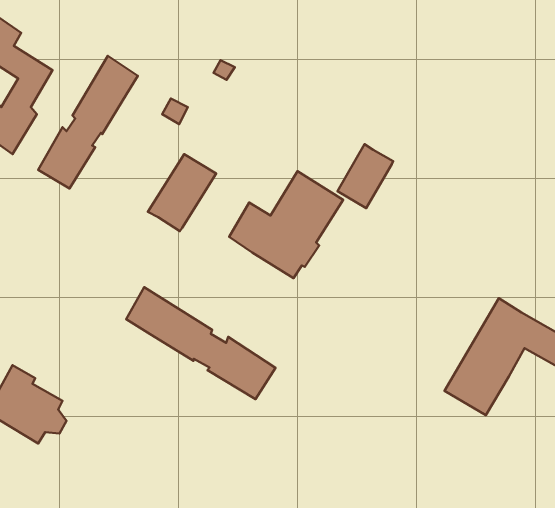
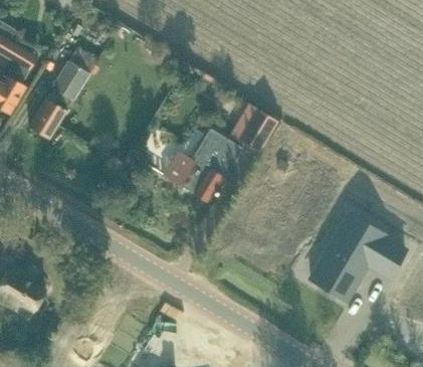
building: [148,154,216,231] -> none
building: [126,287,275,399] -> none

